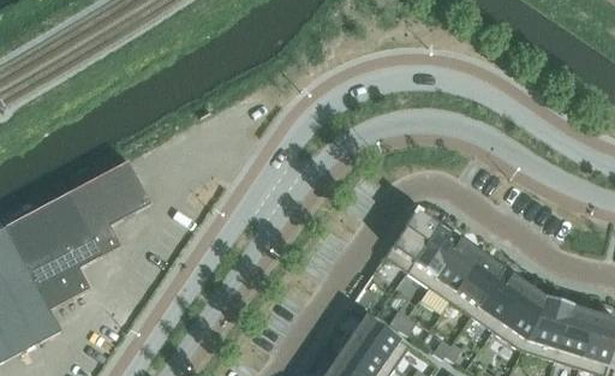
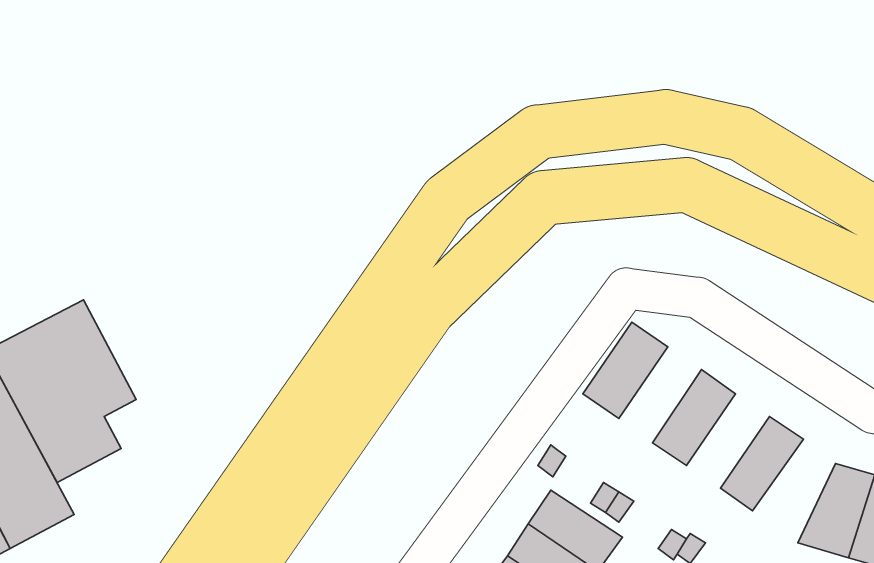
building: [65,160,149,257] -> none
building: [406,223,459,285] -> none
building: [449,253,502,314] -> none
building: [491,282,544,348] -> none

